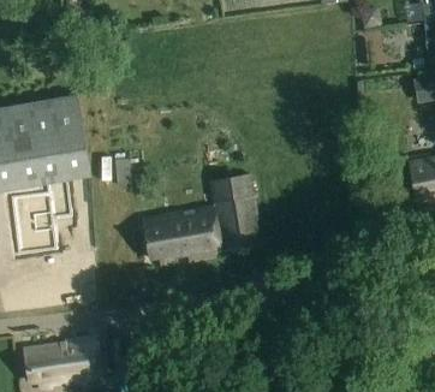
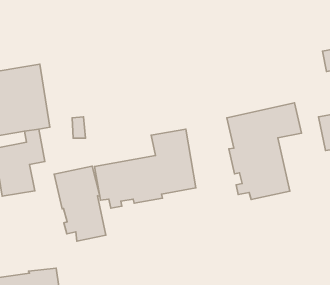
building: none -> [227,103,302,200]
building: none -> [54,166,106,241]

